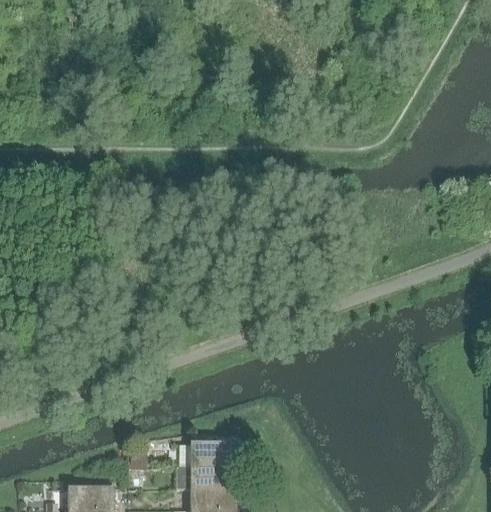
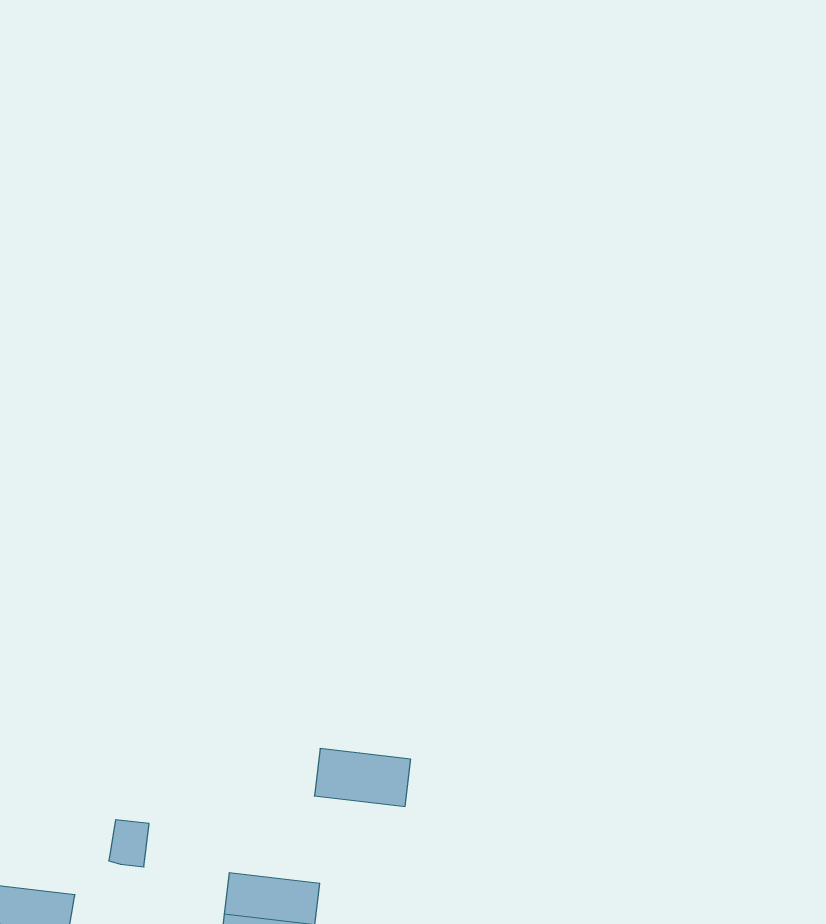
building: [188,448,234,472] -> [314,749,411,806]

